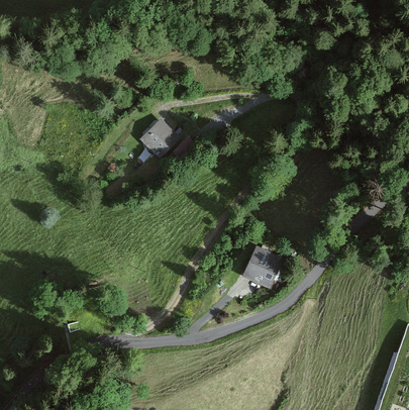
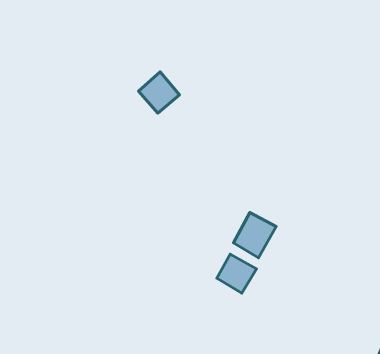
building: none -> [217,254,256,293]

